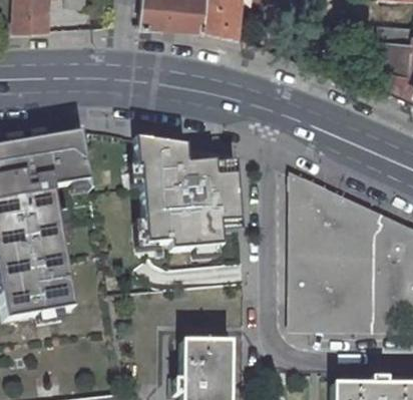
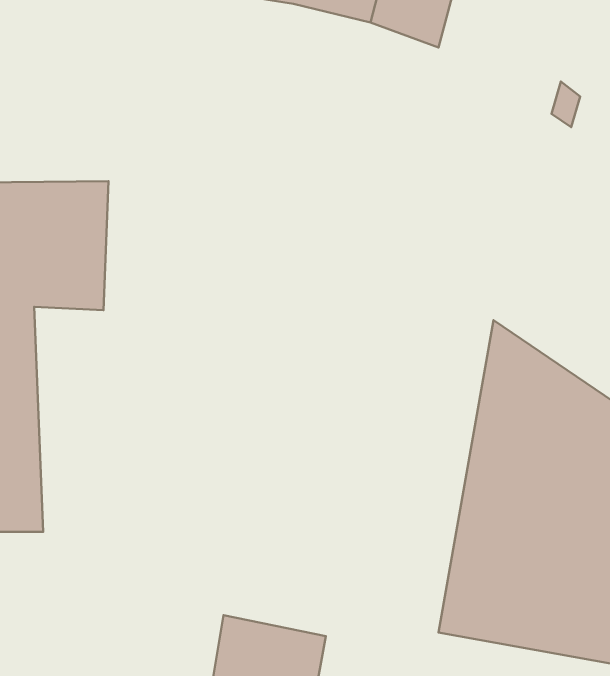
building: [133,134,239,249] -> none

